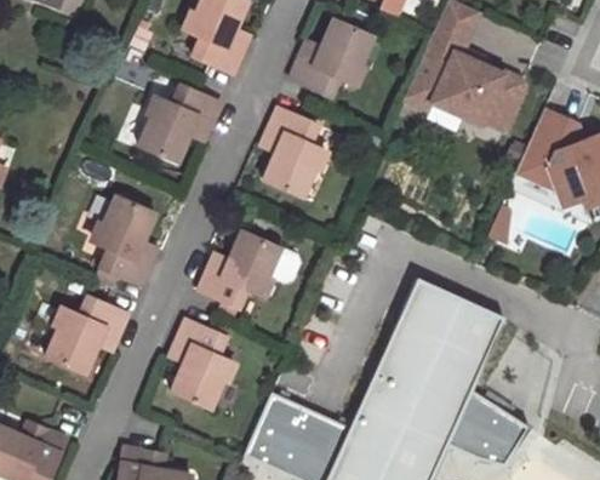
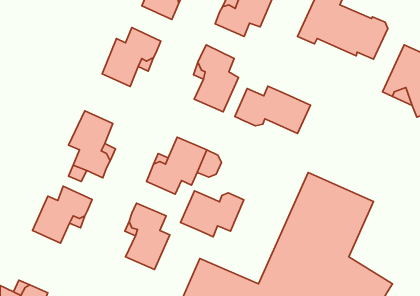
building: none -> [235,86,311,133]
building: none -> [180,191,244,237]

